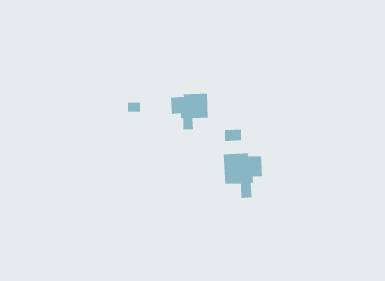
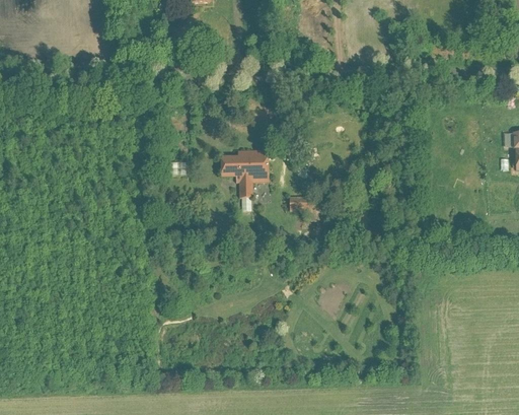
building: [223,153,262,199] -> none

